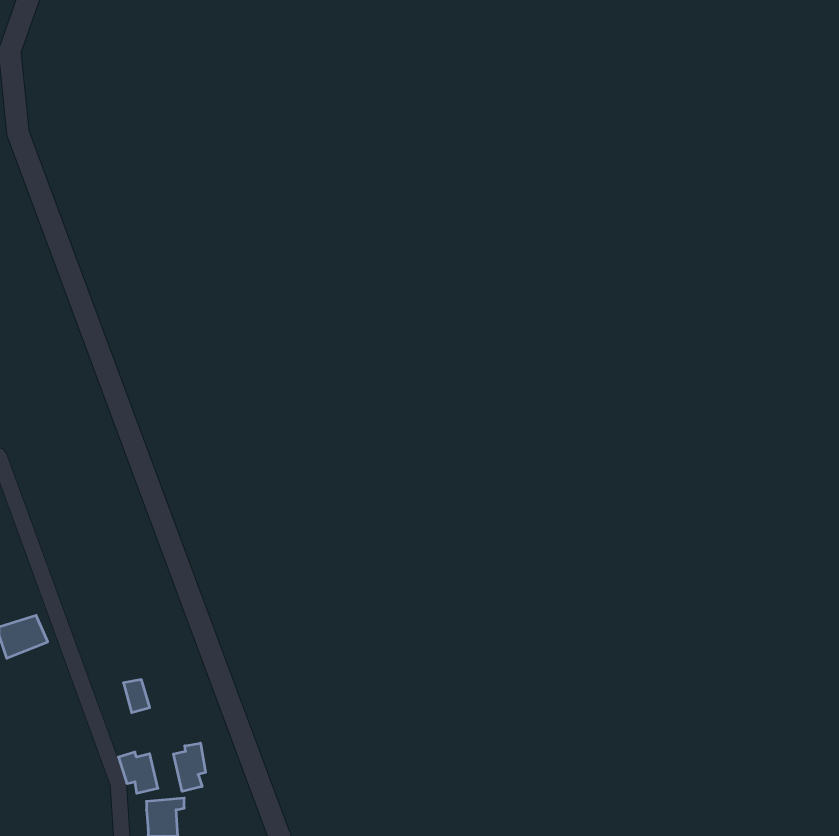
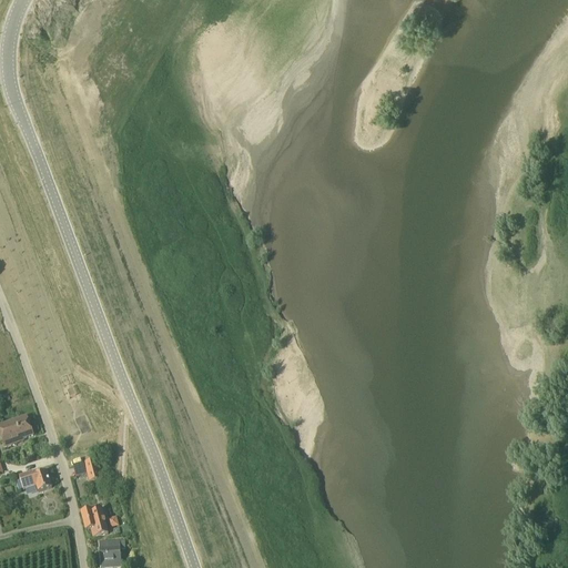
building: none -> [18,469,51,490]
building: [173,743,206,791] -> none

